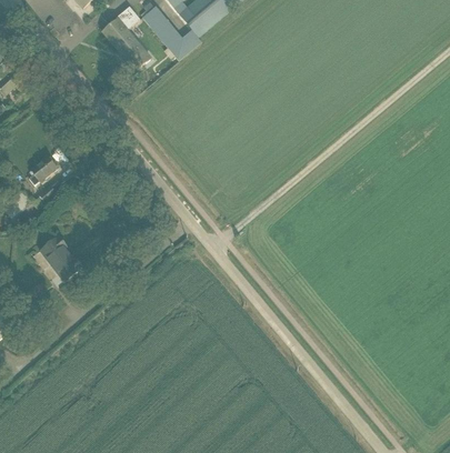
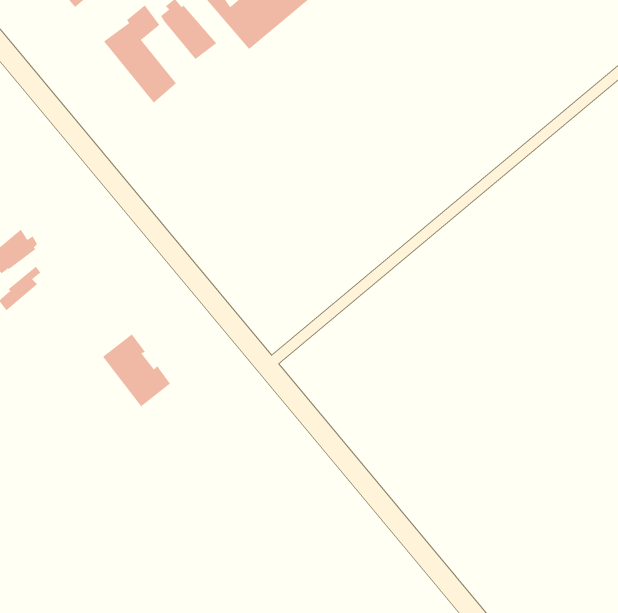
building: [38,233,83,282] -> [102,333,171,407]

